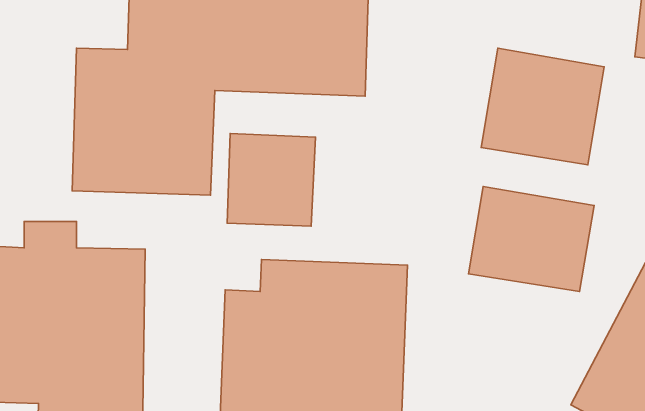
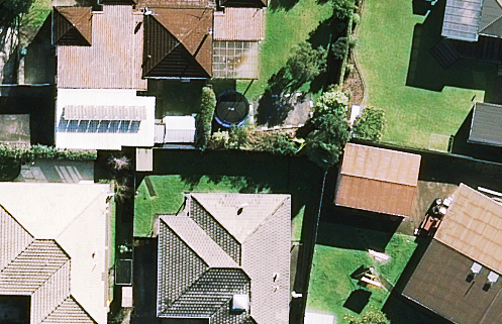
building: [481,48,604,165] -> none
building: [227,134,316,226] -> none

